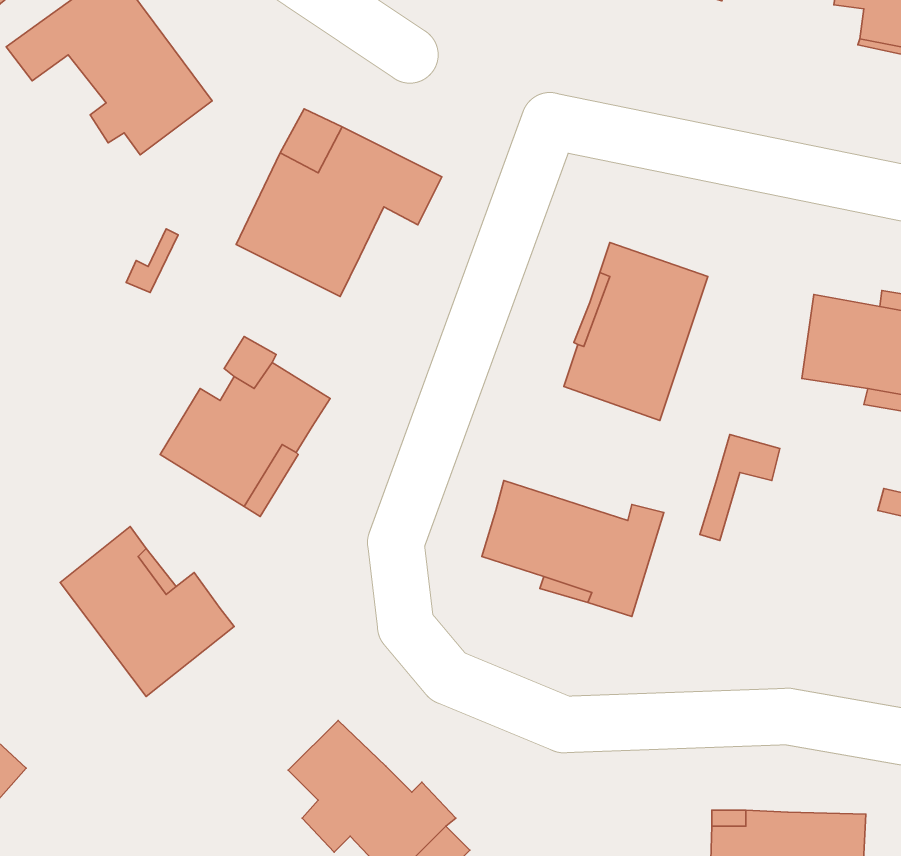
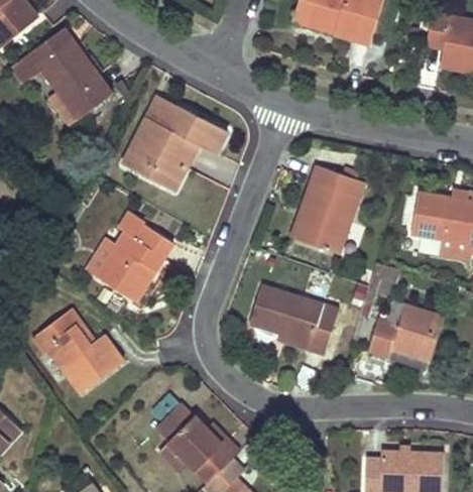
building: none -> [369,301,443,359]

